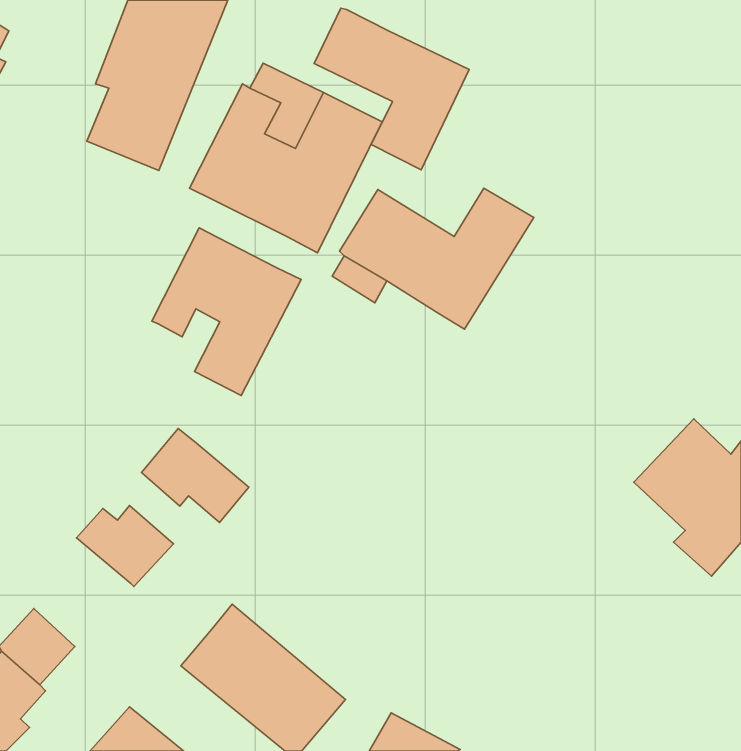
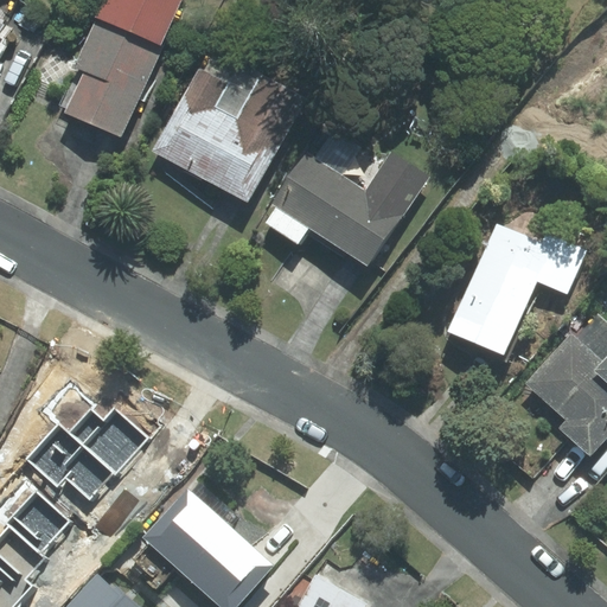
building: [314,8,469,170] -> none
building: [152,228,301,395] -> none
building: none -> [430,216,574,365]
building: [142,428,249,522] -> [19,423,106,499]

